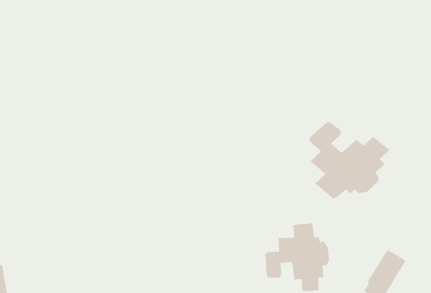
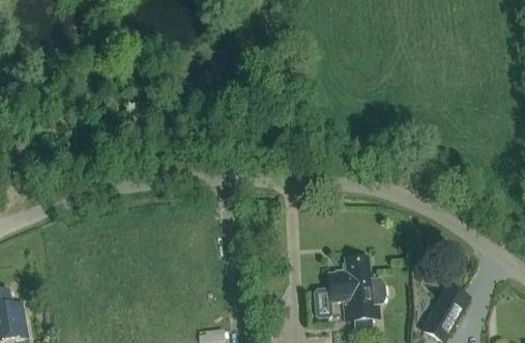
building: [309,122,390,200] -> none

